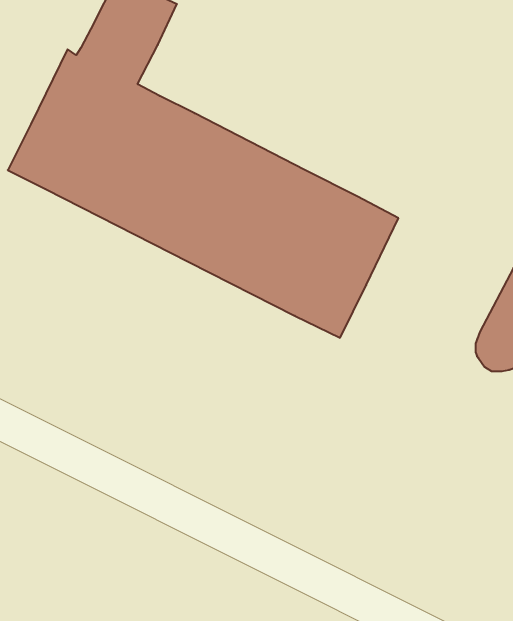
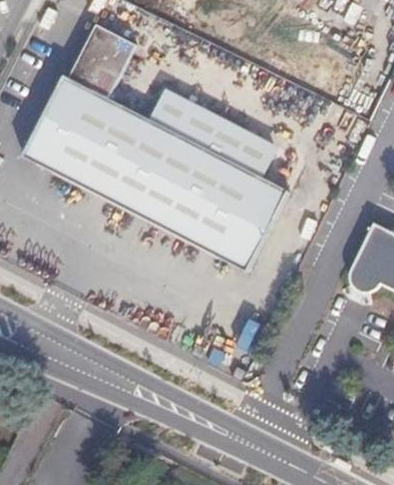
building: none -> [153,87,280,172]

